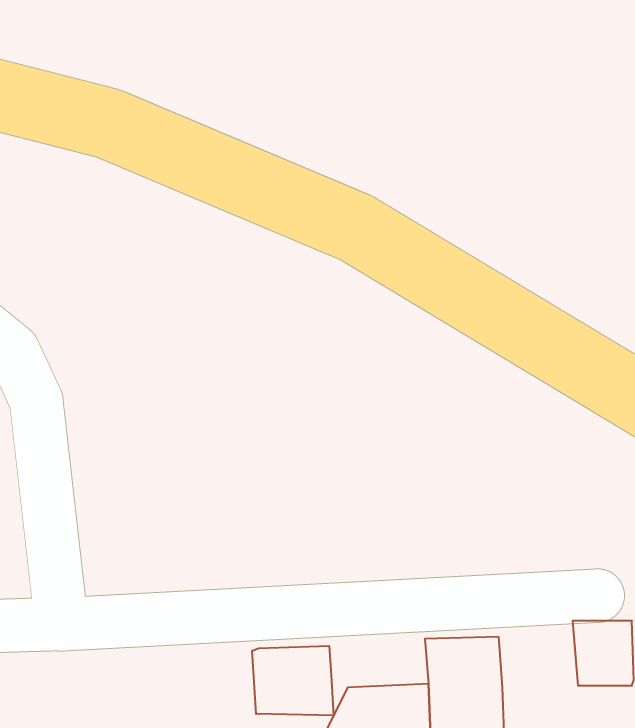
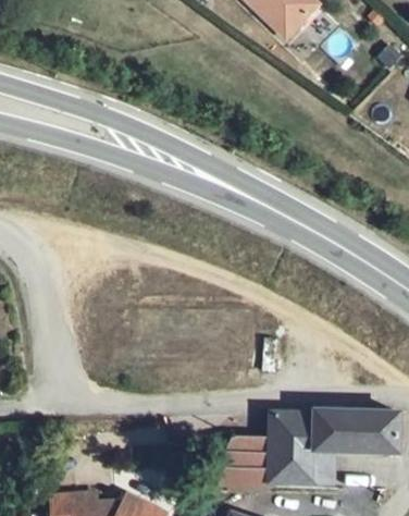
building: none -> [323,408,371,449]
building: [252,646,334,715] -> none

